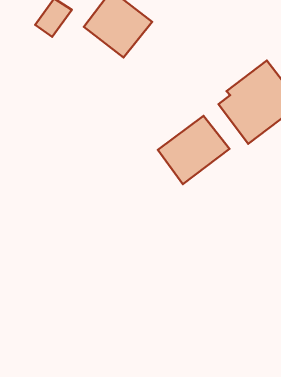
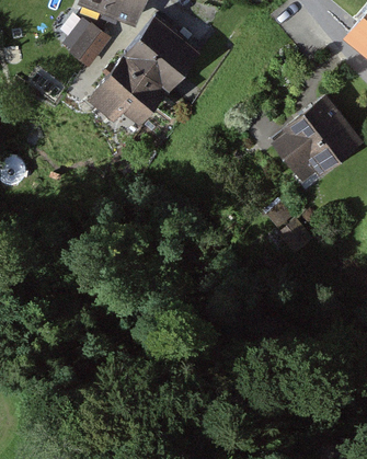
building: none -> [91,57,169,126]
building: [158,116,230,184] -> none

